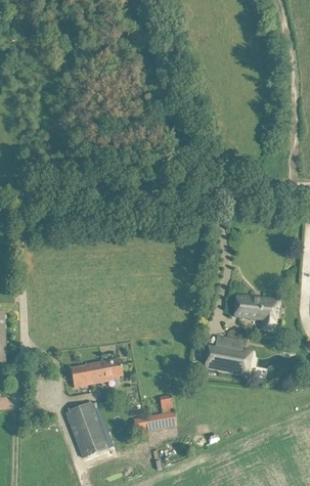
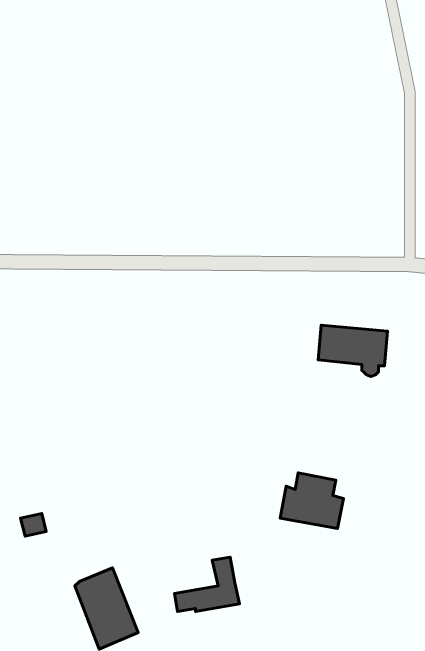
building: [233,293,280,327] -> [318,325,388,376]
building: [71,357,123,387] -> none

